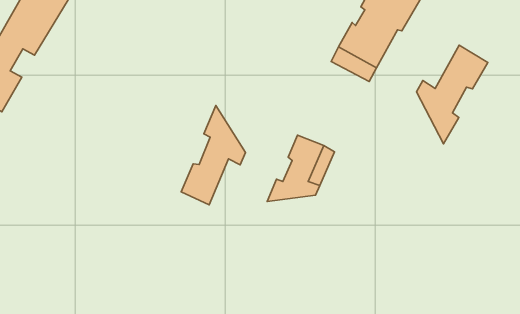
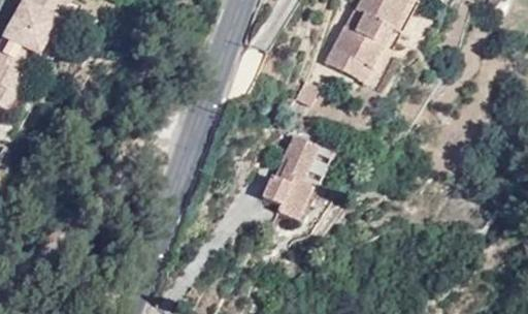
building: [416,45,488,144] -> none
building: [181,106,245,205] -> none

